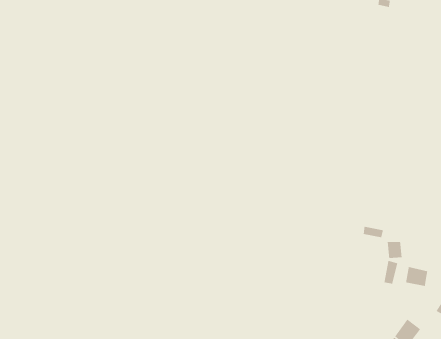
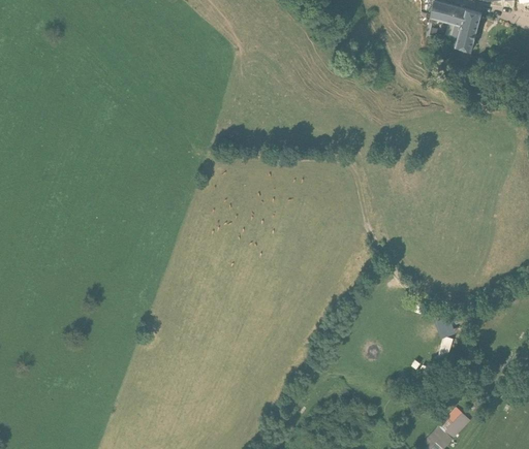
building: [405,266,428,287] -> none

